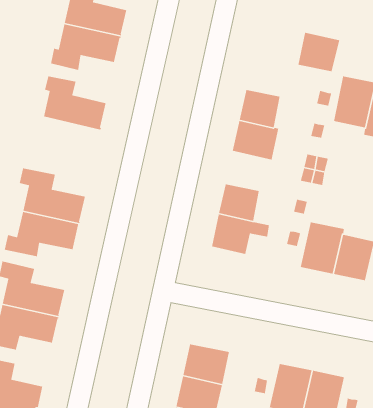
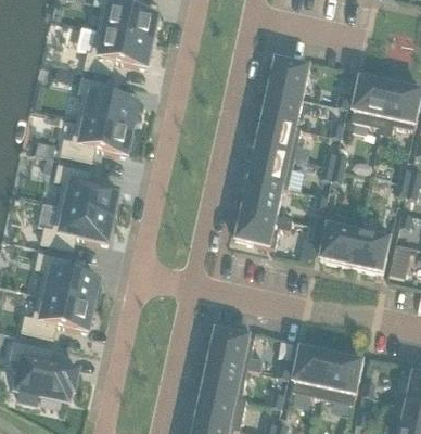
building: [298,32,340,72] -> [269,58,309,95]
building: none -> [61,115,132,159]
building: none -> [250,148,294,187]

